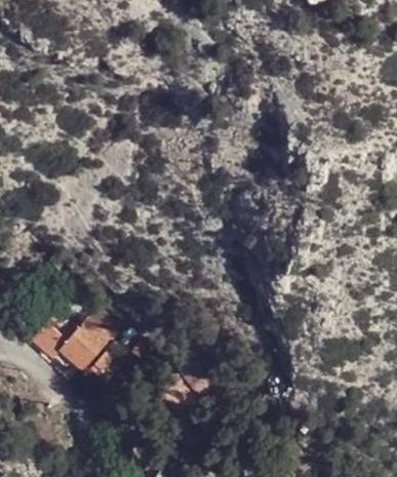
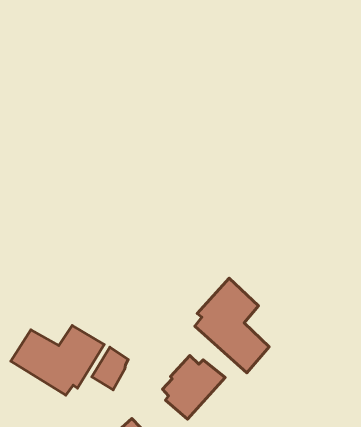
building: none -> [195,278,269,373]

